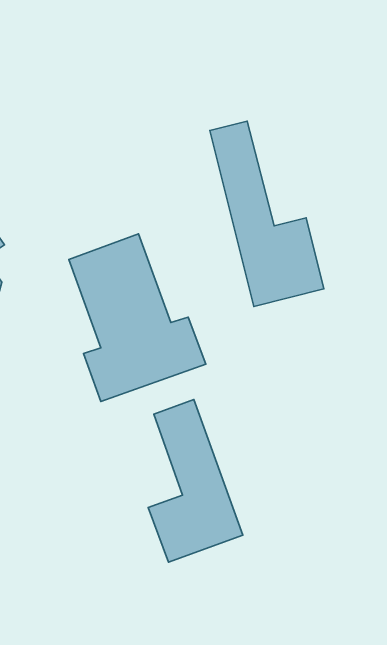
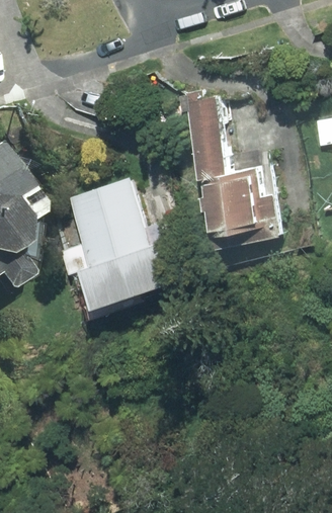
building: [148,400,243,562] -> none

